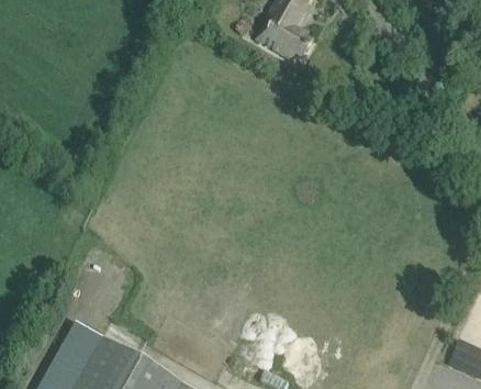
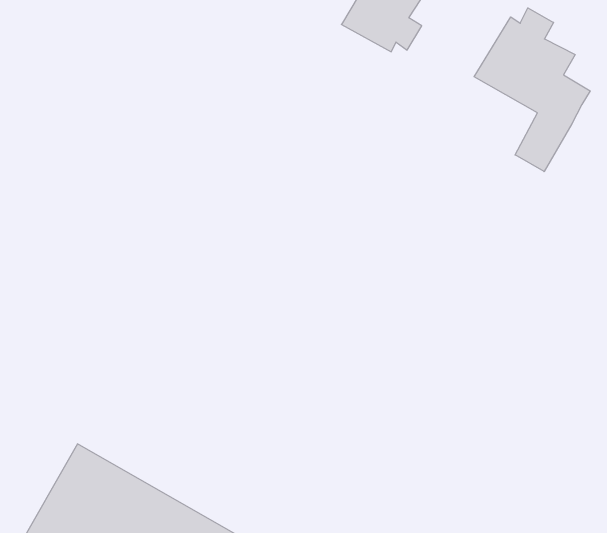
building: none -> [474,8,590,172]

